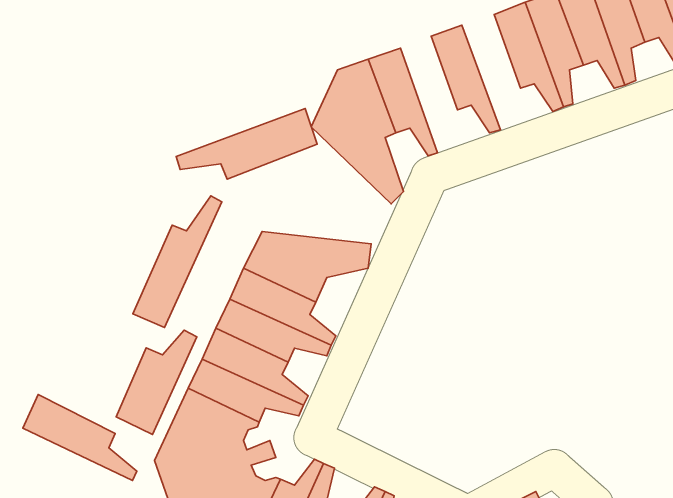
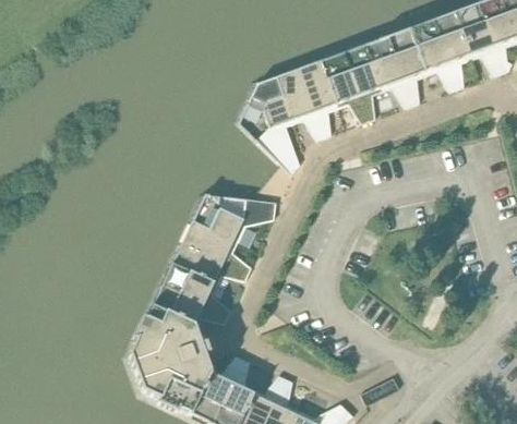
building: none -> [345,40,386,122]
building: none -> [301,56,341,138]
building: [176,108,317,179] -> none
building: [133,196,222,328] -> none
building: [116,330,197,434] -> none
building: [23,395,137,481] -> none

